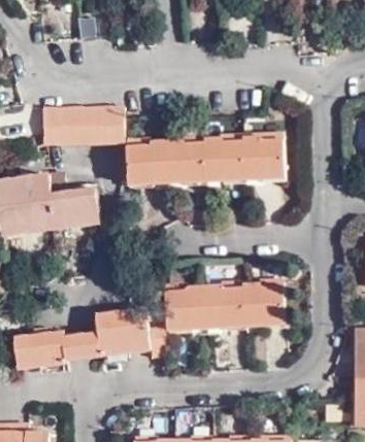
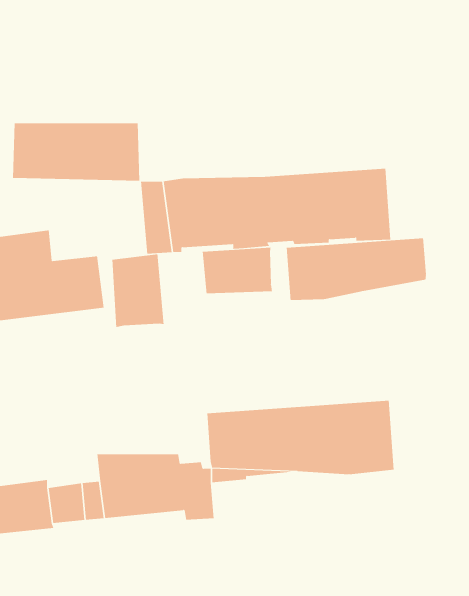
building: none -> [286,237,426,301]
building: none -> [202,247,273,294]
building: none -> [112,254,164,328]

